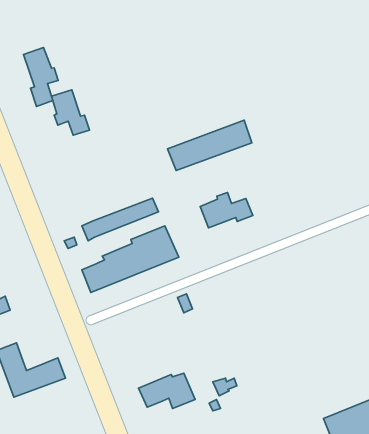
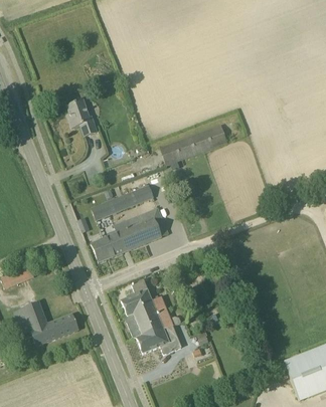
building: [24,47,58,106] -> none
building: [200,193,253,228] -> none
building: none -> [121,279,180,338]

